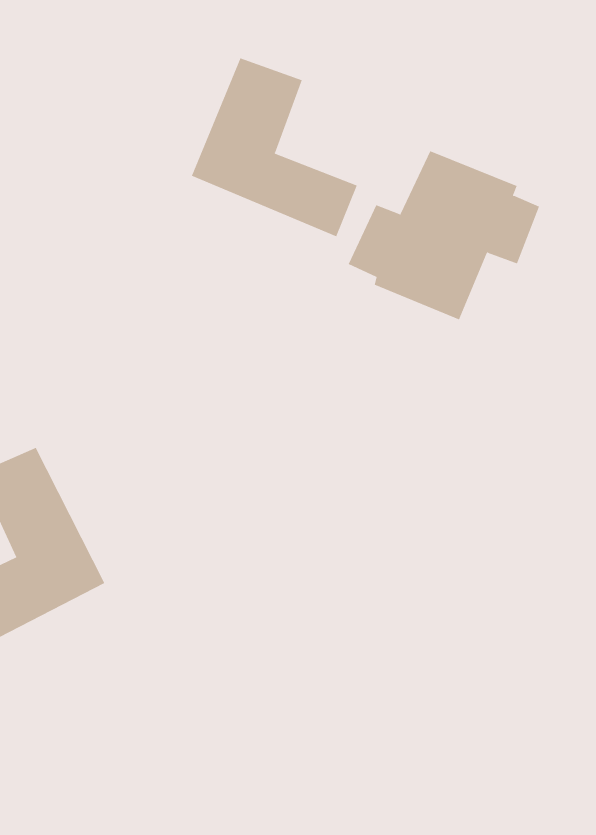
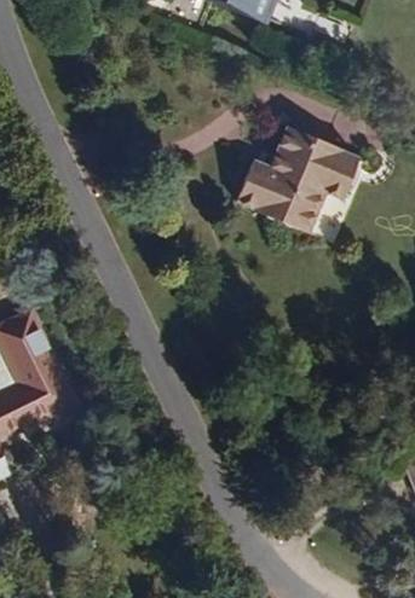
building: [191,58,358,237] -> none

